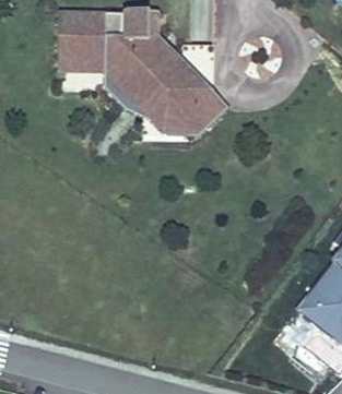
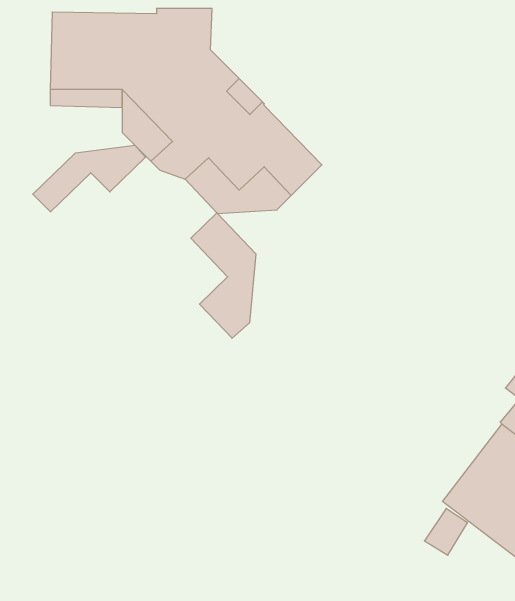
building: none -> [33,145,146,212]
building: none -> [191,213,256,338]

